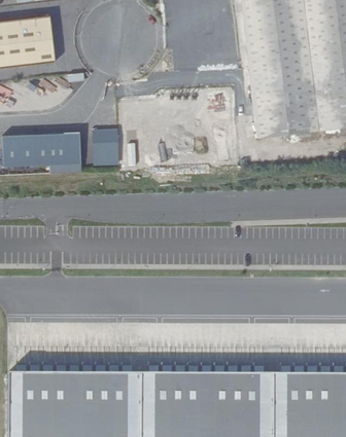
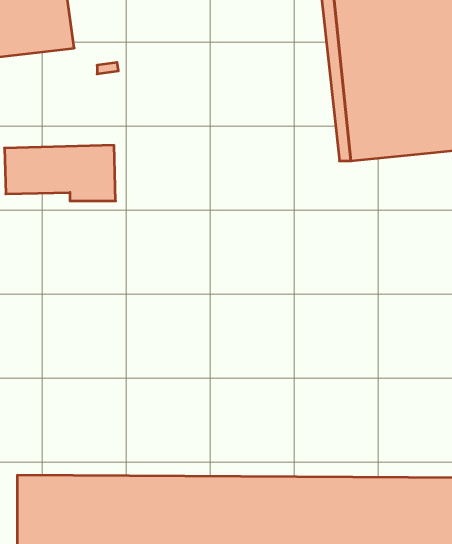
building: [92,139,117,155] -> none

